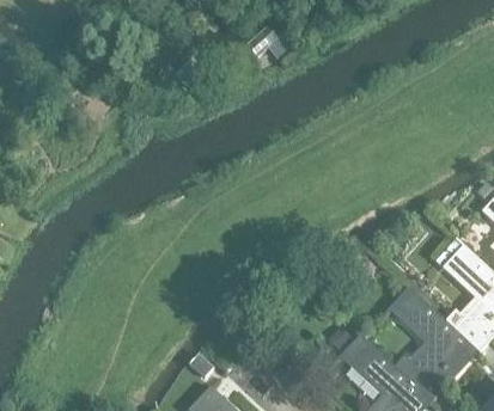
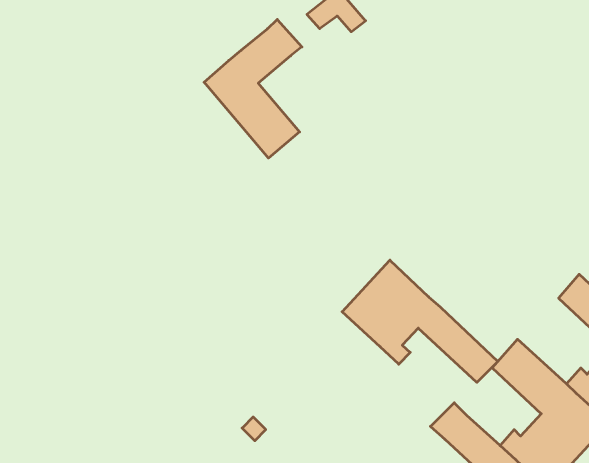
building: none -> [204,19,302,158]
building: none -> [342,260,498,382]

